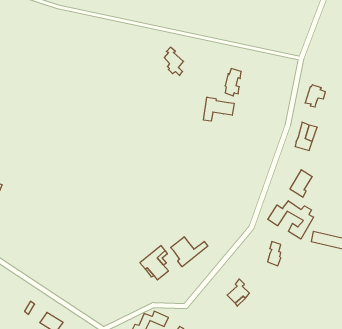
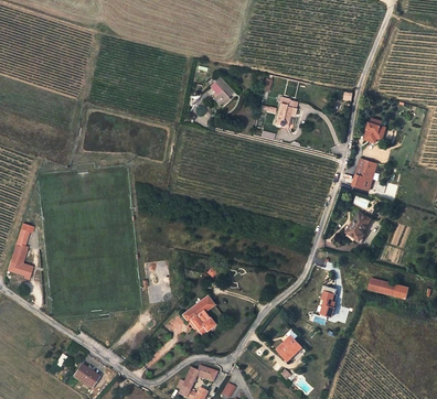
building: [204,97,234,121] -> none
building: [268,201,314,239] -> none
building: [171,237,208,267] -> none

